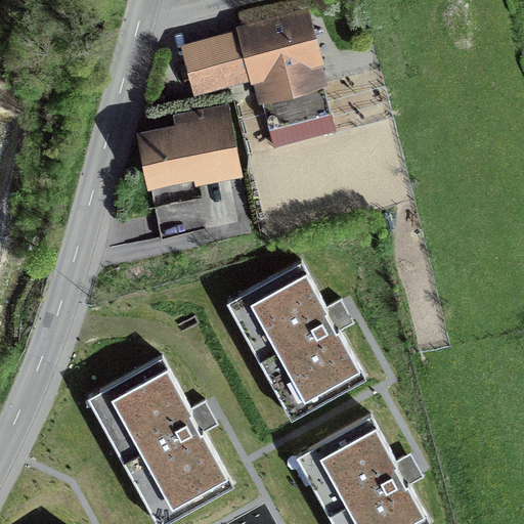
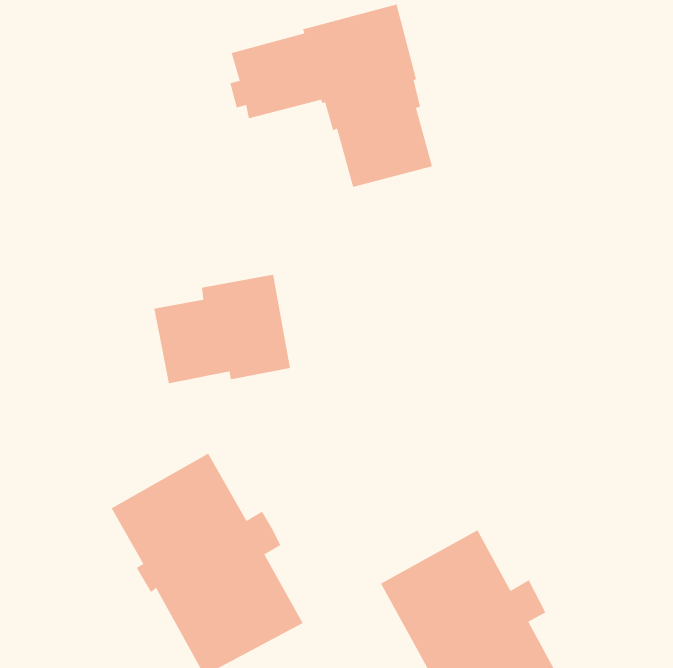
building: [135,104,242,189] -> [154,274,291,384]
building: [225,261,367,423] -> none

